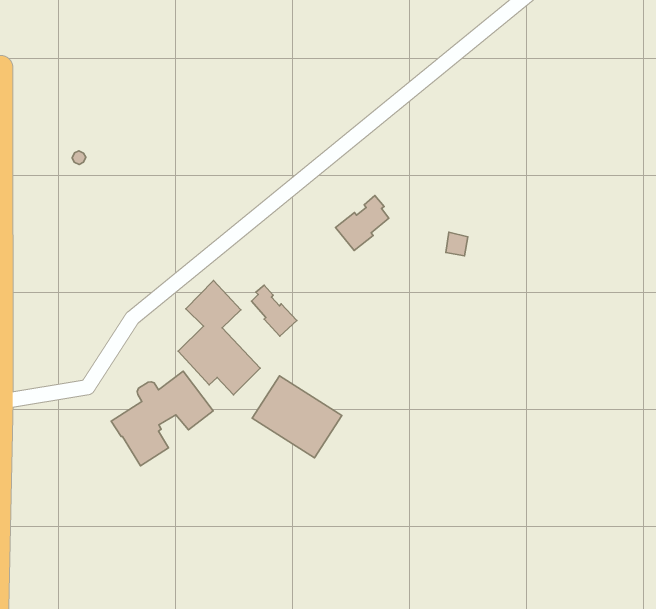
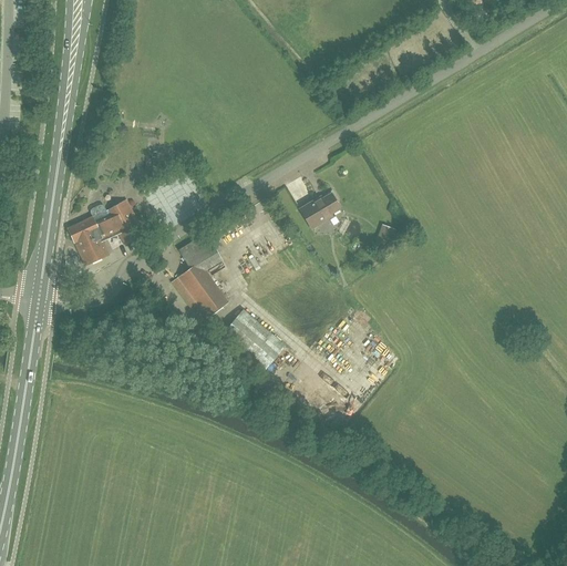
building: [251,285,297,336] -> none
building: [111,371,213,466] -> [68,199,143,264]

